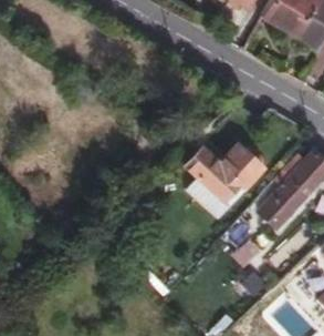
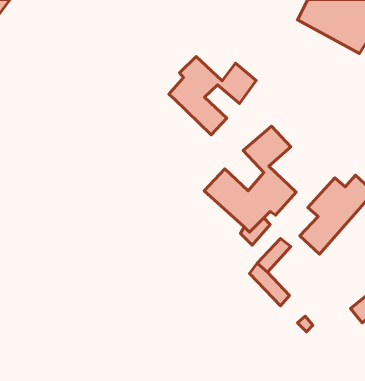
building: none -> [169,56,256,135]

